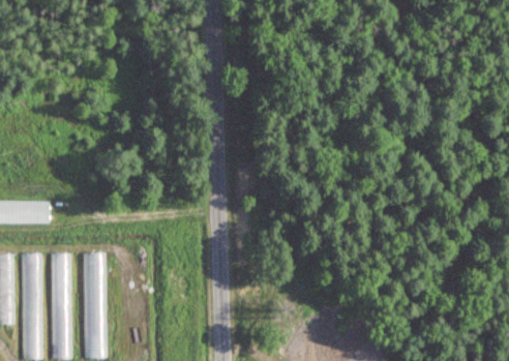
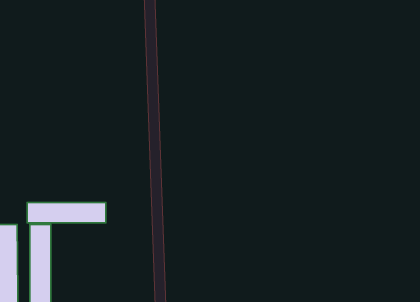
building: none -> [27,202,106,223]

